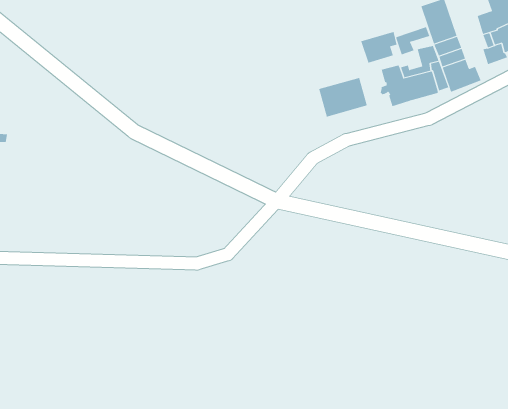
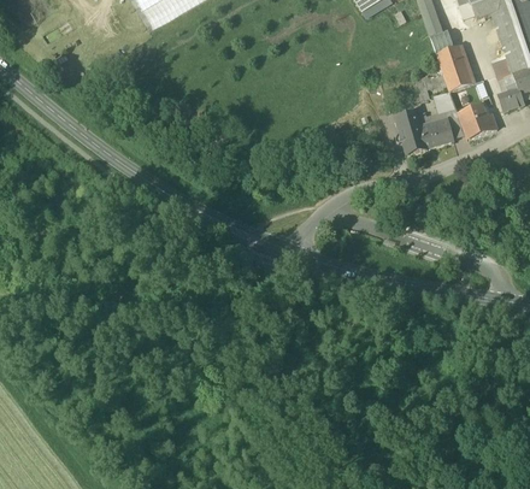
building: [361,31,397,64] -> none
building: [319,77,367,117] -> none

